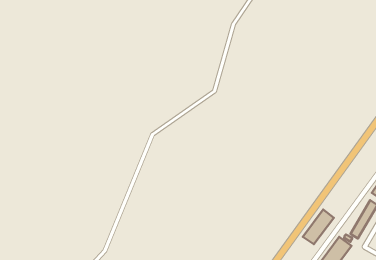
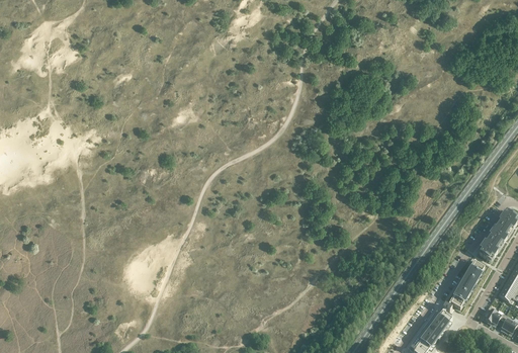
building: [303,210,334,244] -> none

